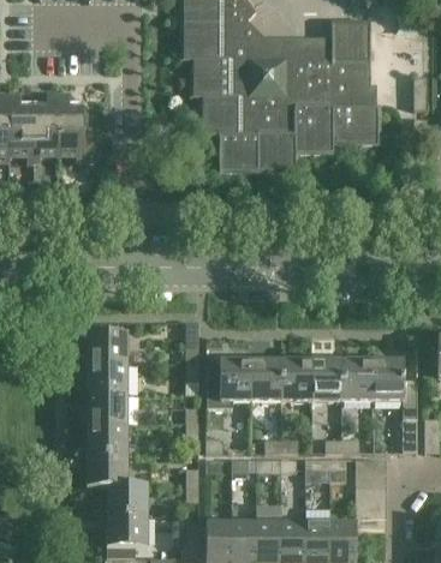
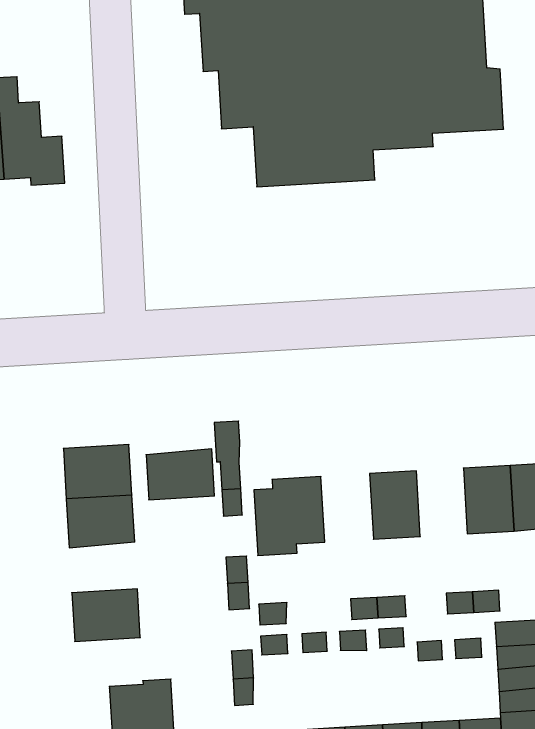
building: [250,359,281,401] -> none
building: [311,359,341,401] -> none
building: [87,394,129,424] -> [146,449,214,500]
building: [87,455,129,486] -> none

